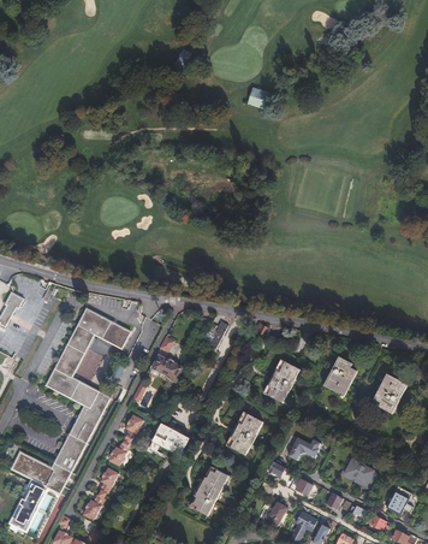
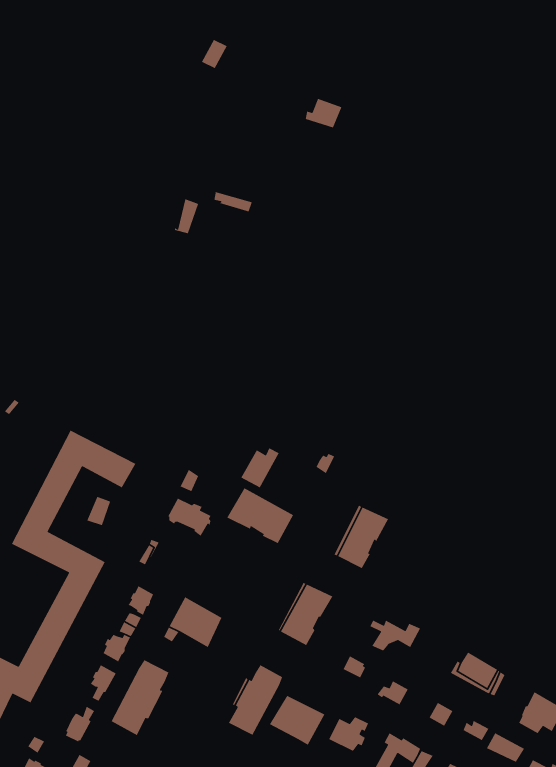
building: none -> [226,487,294,544]
building: [323,355,355,397] -> none
building: [374,373,405,414] -> none
building: none -> [111,659,170,736]
building: none -> [269,695,325,746]

